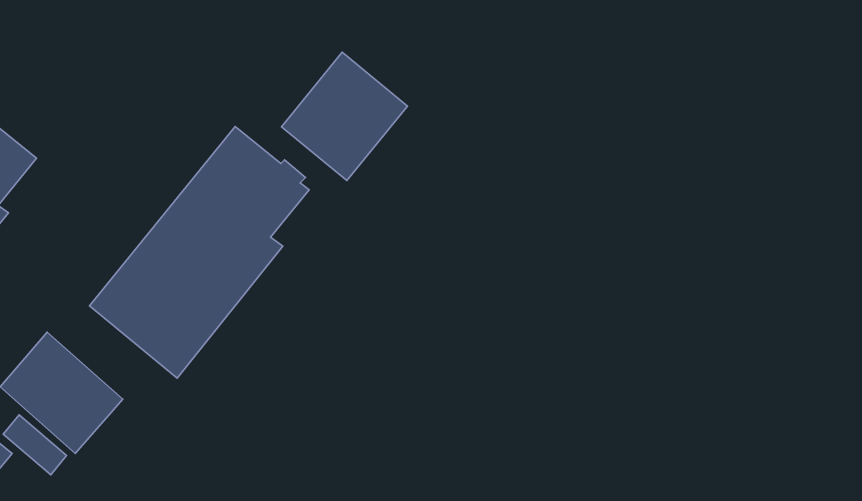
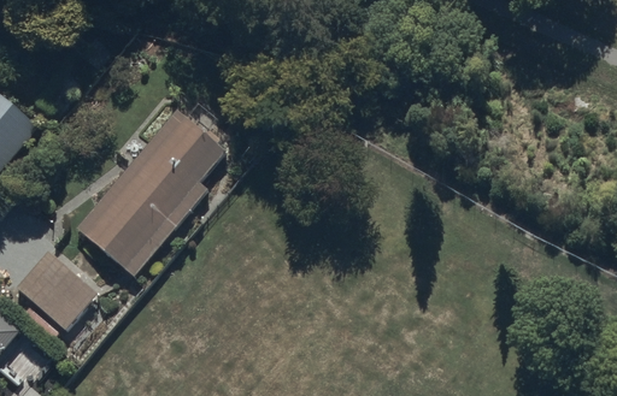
building: [281,52,408,181] -> none

